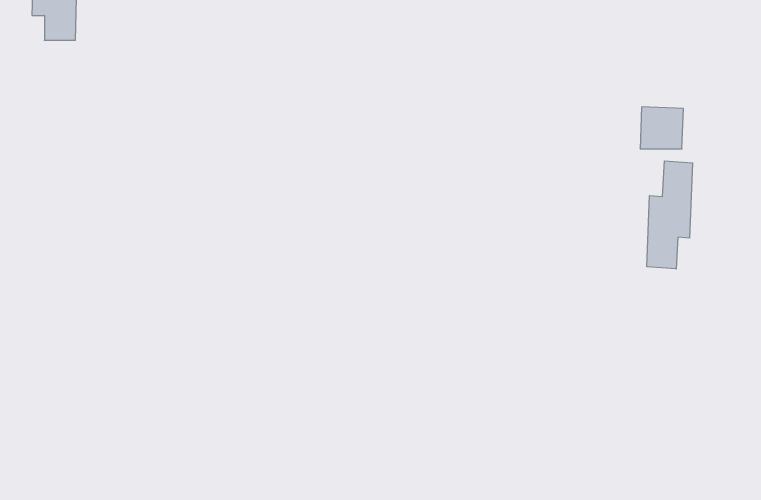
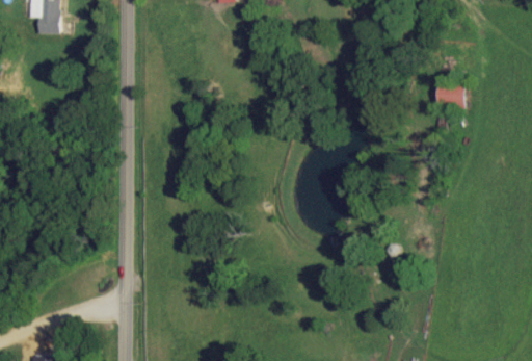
building: [647,161,692,269] -> none

